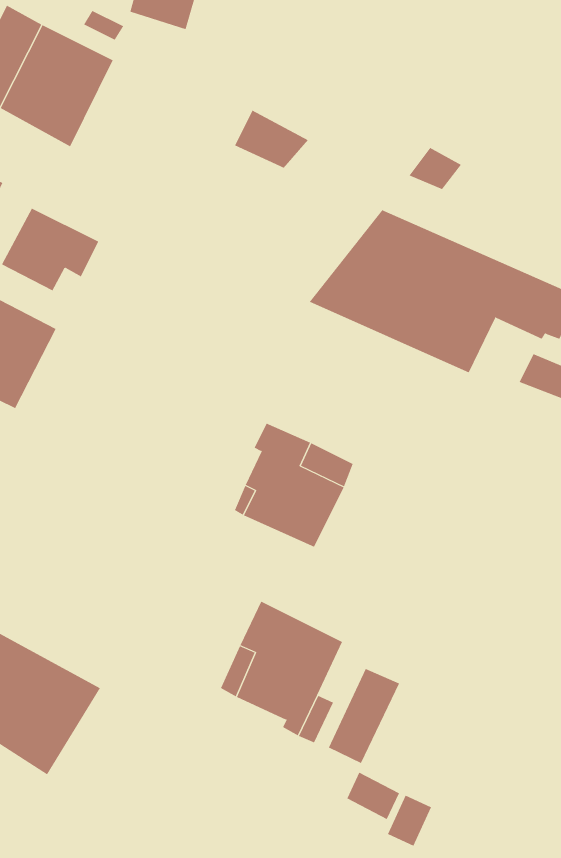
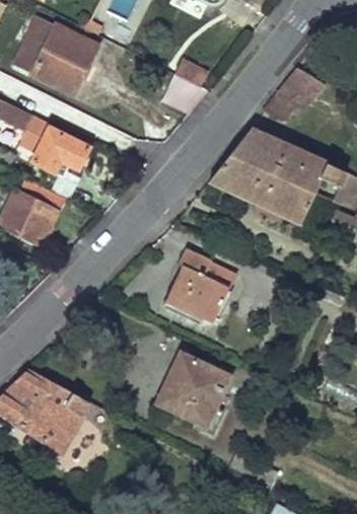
building: none -> [278,68,320,106]
building: [328,668,400,764] -> none

